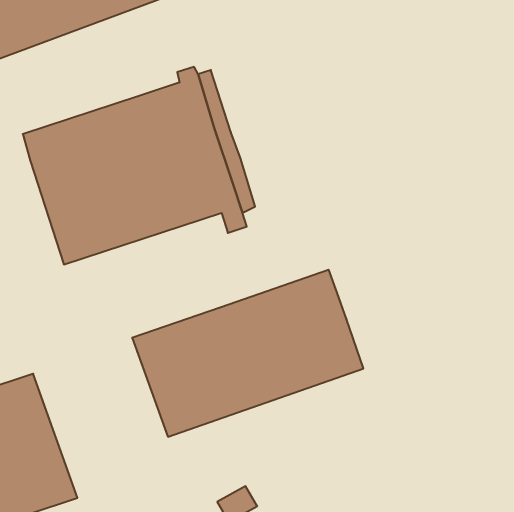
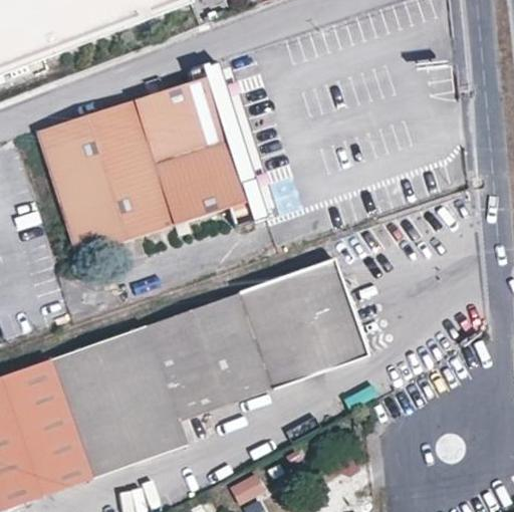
building: none -> [49,325,186,478]

